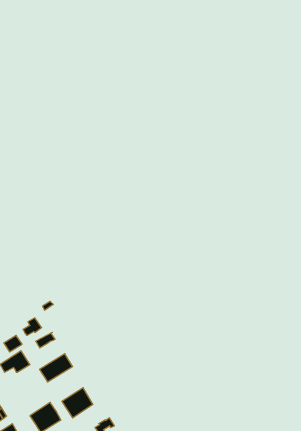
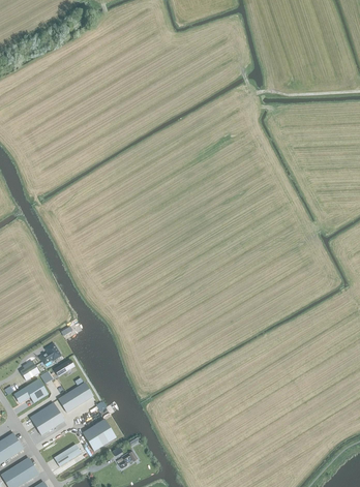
building: none -> [30,403,64,435]

